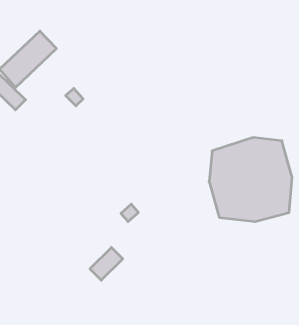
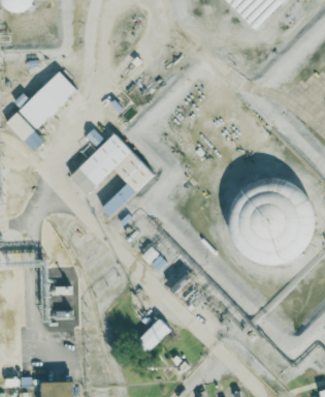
building: none -> [70,133,153,216]
building: [90,247,123,280] -> [137,318,170,352]

